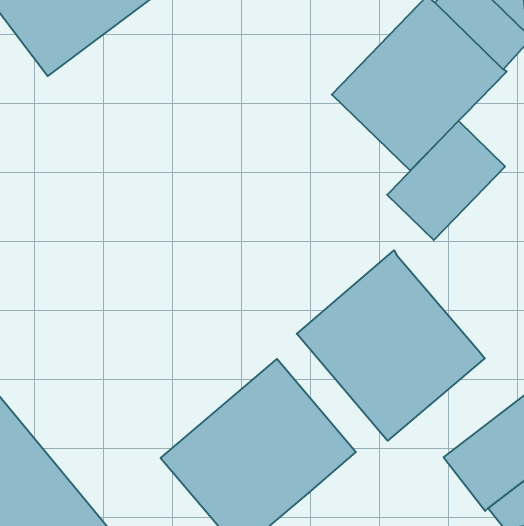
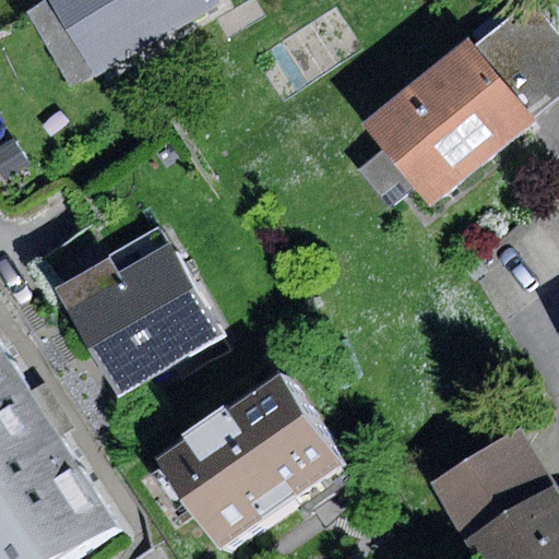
building: [387,121,505,240] -> none
building: none -> [56,228,223,396]
building: [297,250,485,441] -> none

